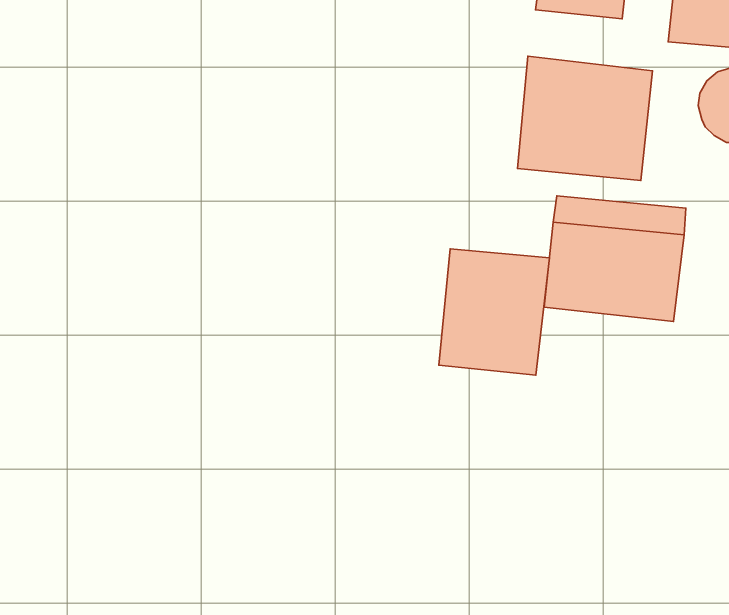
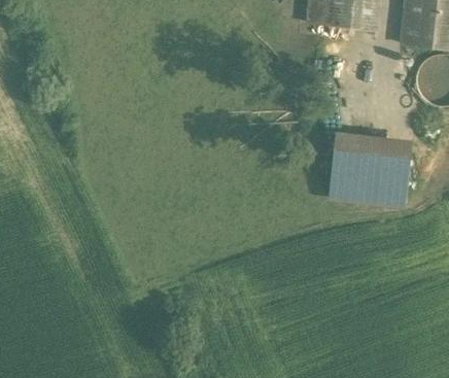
building: [518,56,652,180] -> none
building: [439,249,549,375] -> none

